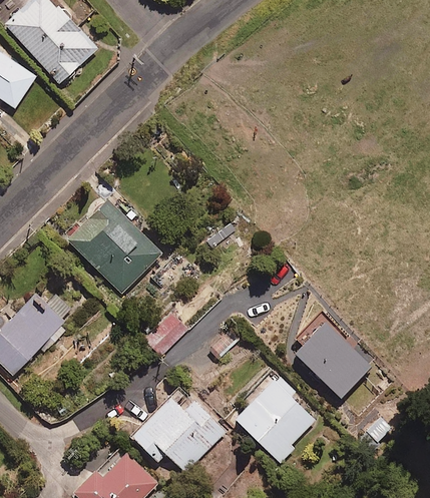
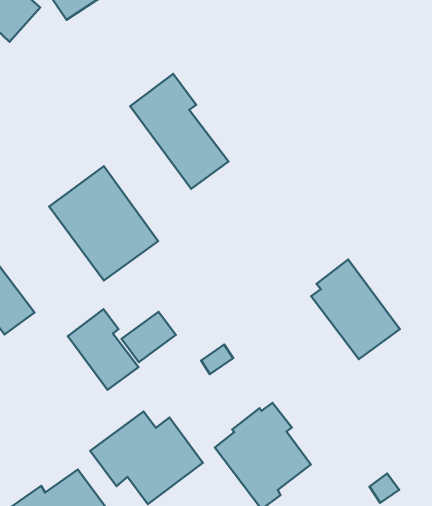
building: none -> [130,74,229,189]
building: [293,316,370,397] -> [311,259,400,359]
building: none -> [68,309,139,390]

